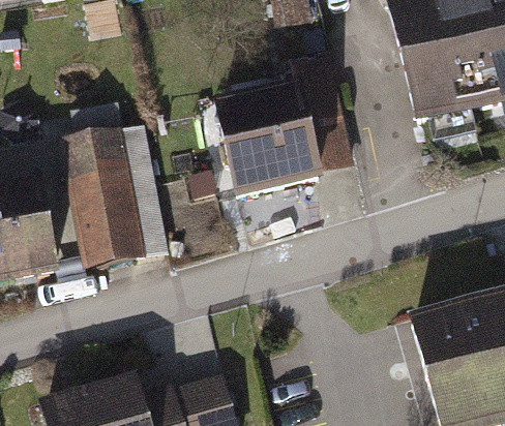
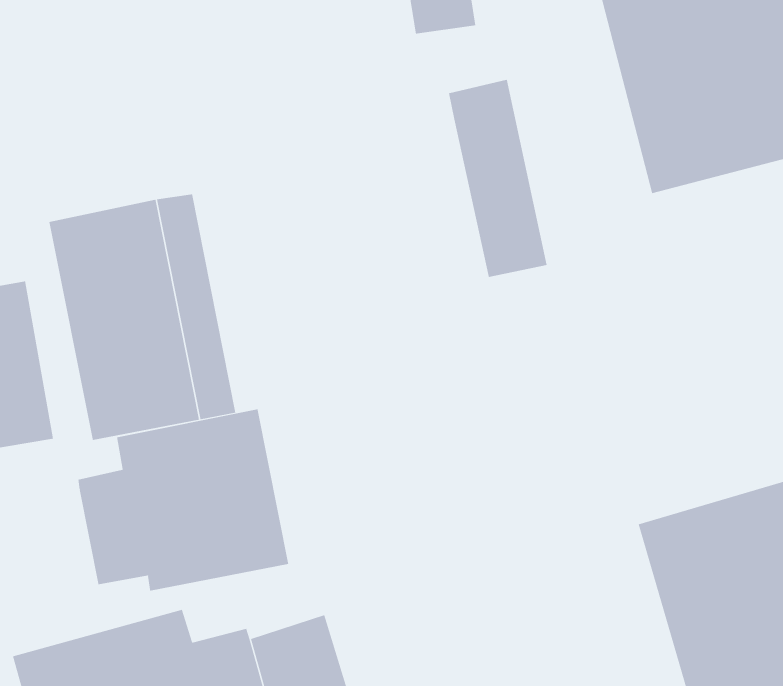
building: [213,78,322,197] -> none
building: none -> [78,408,289,592]

